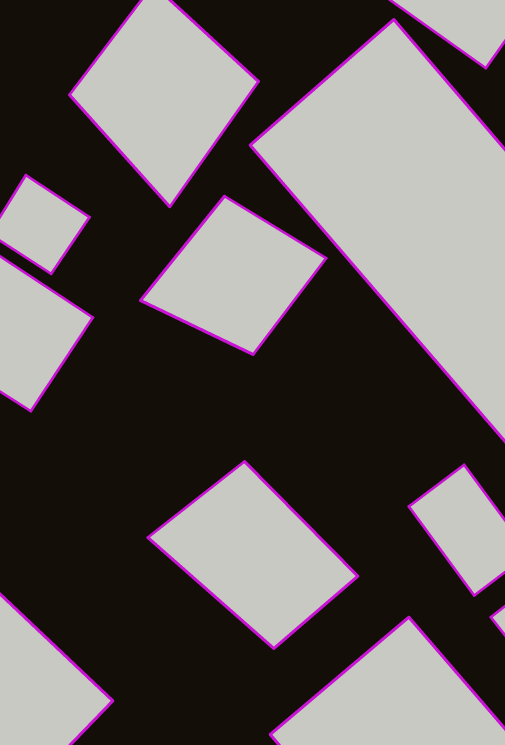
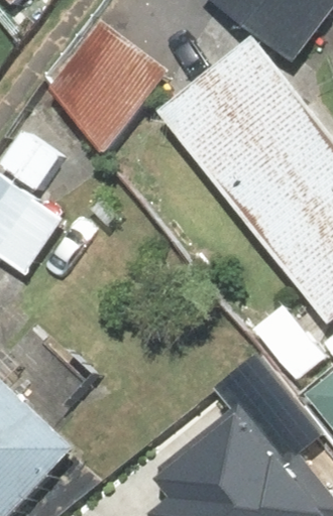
building: [140,196,326,354] -> none
building: [148,461,358,649] -> none

